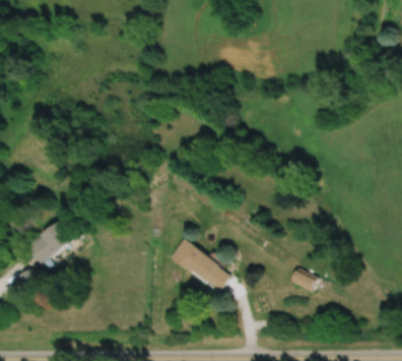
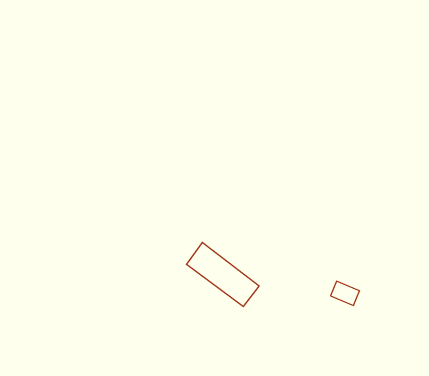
building: [28,221,75,262] -> none

